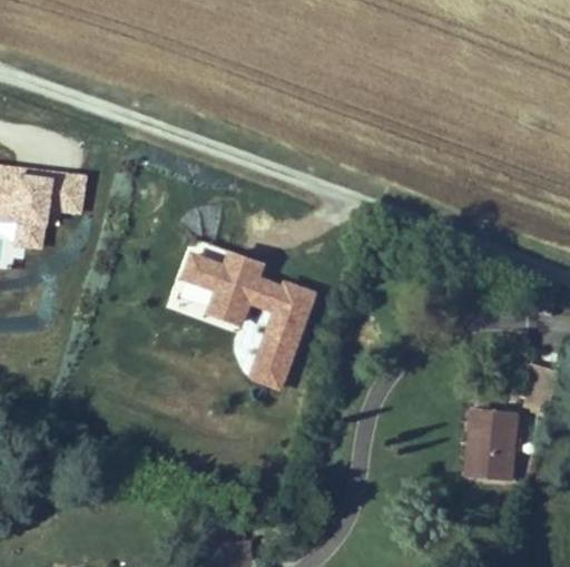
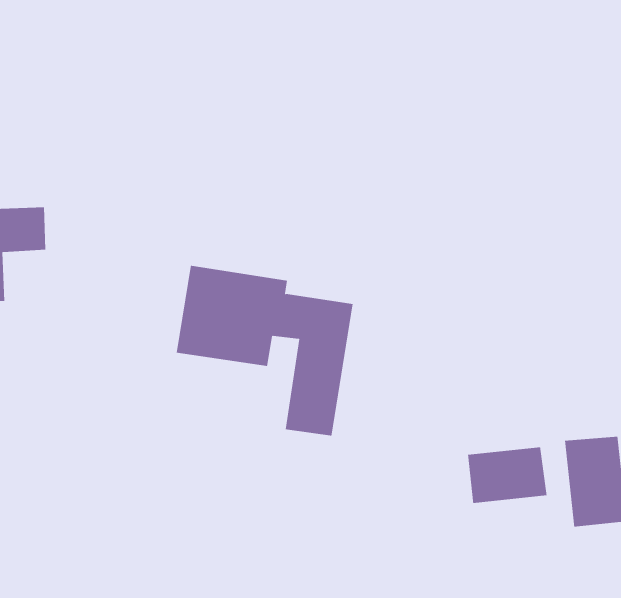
building: none -> [467,446,547,504]

